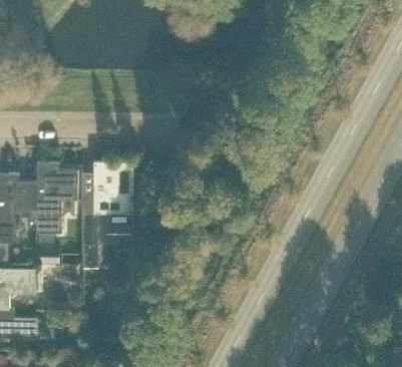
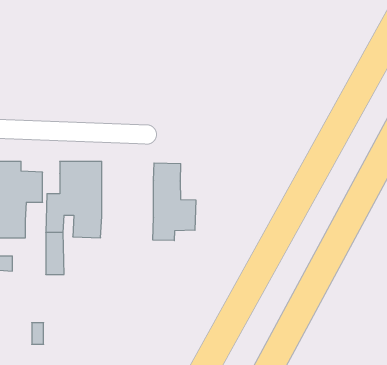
building: none -> [153,163,196,241]

